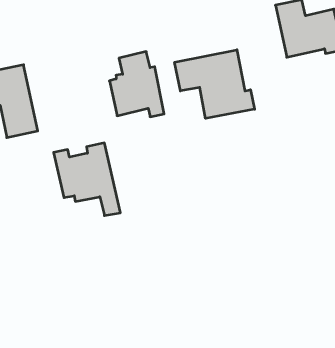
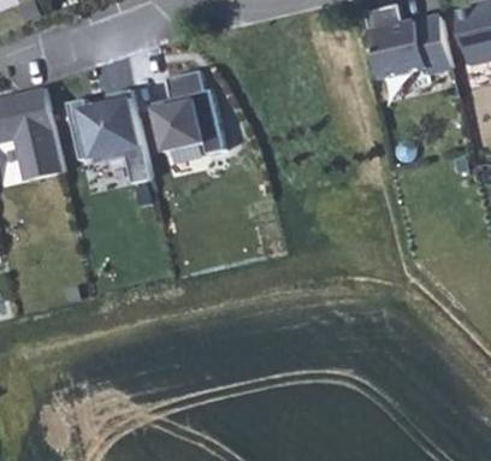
building: [175,50,255,118] -> none
building: [54,143,120,216] -> [64,89,149,182]

